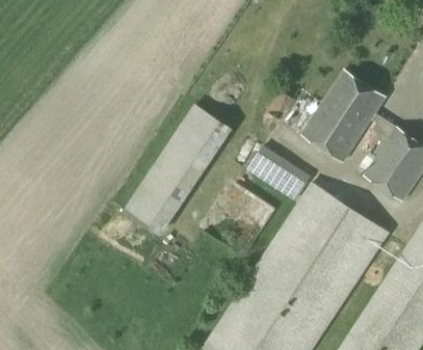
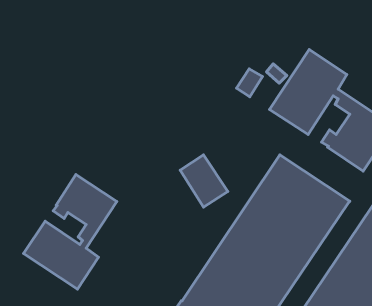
building: [124,105,232,236] -> none
building: [246,145,311,201] -> none
building: none -> [24,175,117,289]

